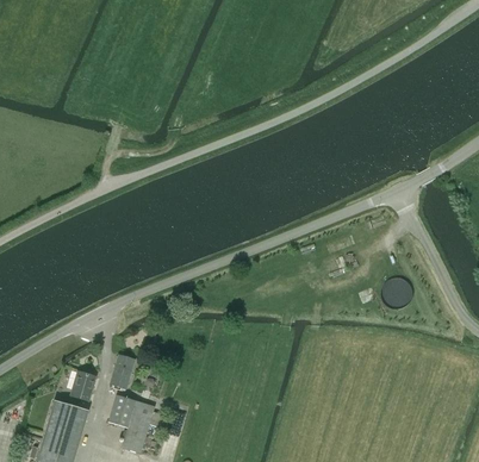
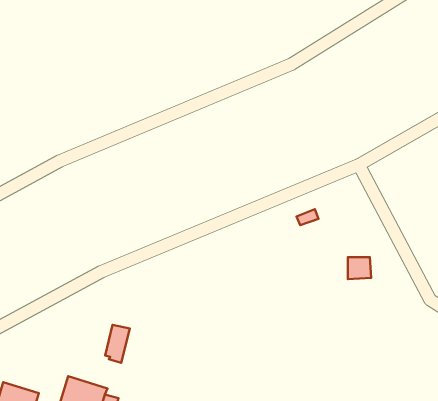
building: [111,355,135,392] -> [105,325,130,363]
building: [70,372,97,401] -> none

